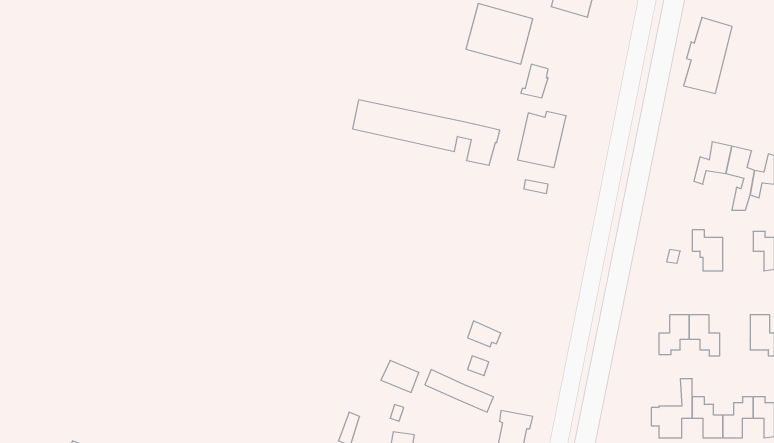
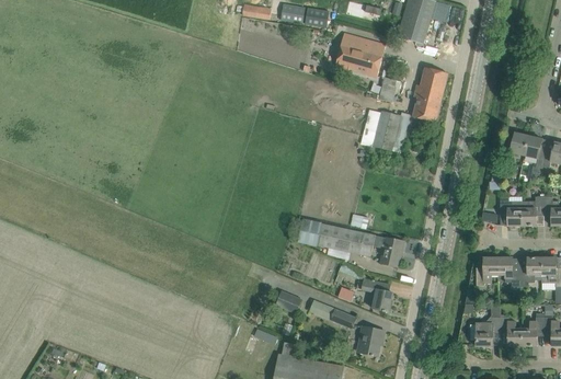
building: [684,17,732,93] -> [412,67,447,122]
building: [353,100,500,165] -> [298,219,404,266]
building: none -> [522,197,543,226]
building: none -> [519,257,541,287]
building: none -> [362,277,392,311]

